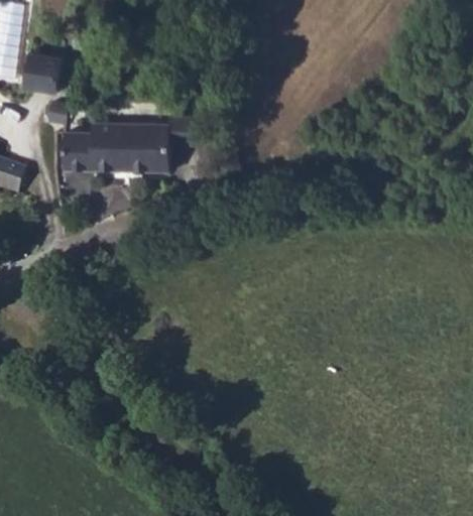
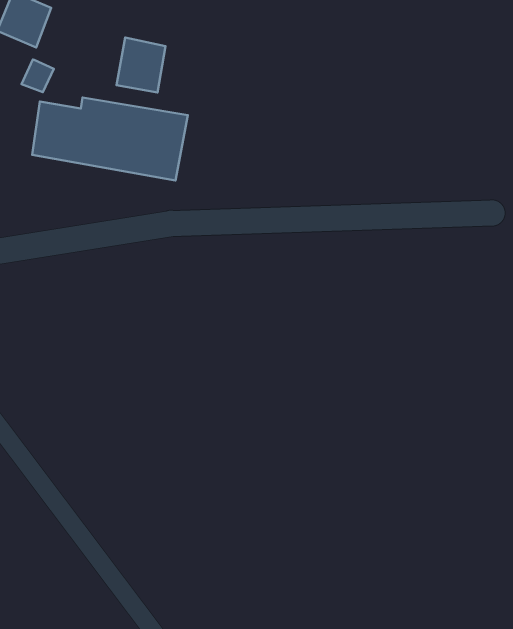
building: none -> [117,38,165,92]

